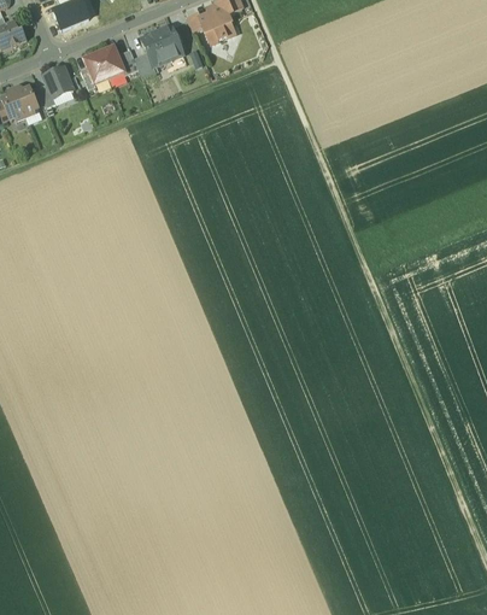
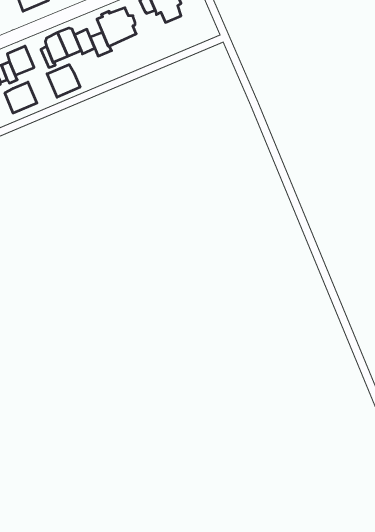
building: none -> [47,65,80,97]
building: none -> [5,82,37,113]

